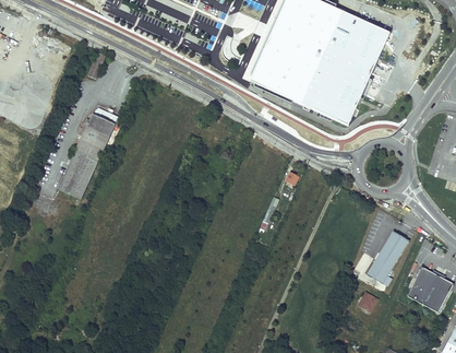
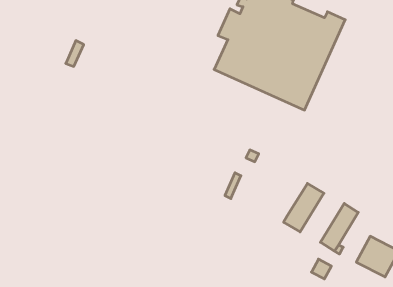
building: [58,113,115,199] -> none
building: none -> [284,183,324,232]

